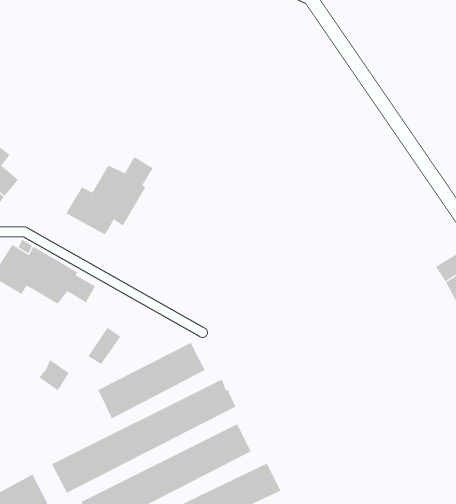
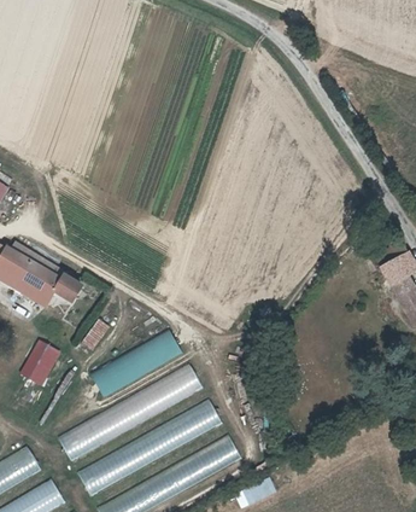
building: [66,156,154,235] -> none

